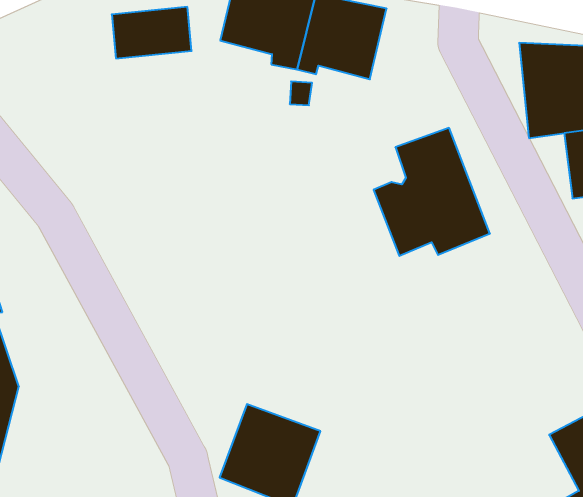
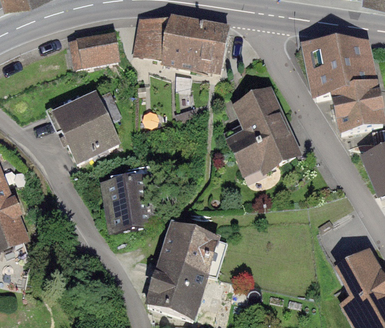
building: none -> [51,90,118,161]
building: none -> [102,176,159,233]
building: none -> [161,226,225,274]

